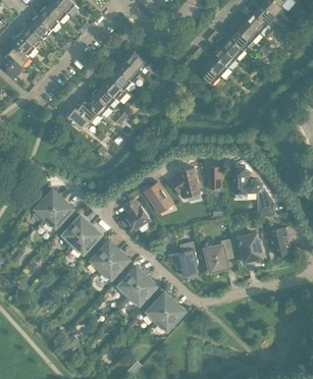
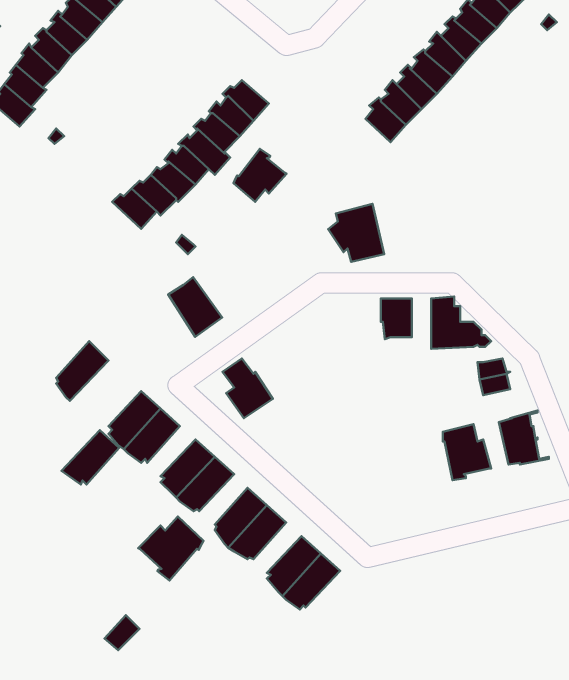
building: none -> [233,149,286,202]
building: [170,167,200,198] -> [328,204,384,262]
building: [145,182,173,214] -> [168,277,222,337]
building: [43,200,73,228] -> [61,430,119,484]
building: [205,239,233,271] -> none
building: [168,241,199,276] -> none
building: none -> [138,516,204,581]

